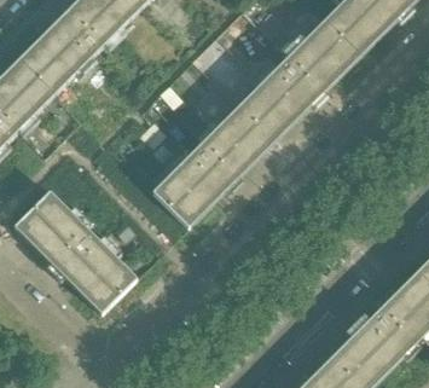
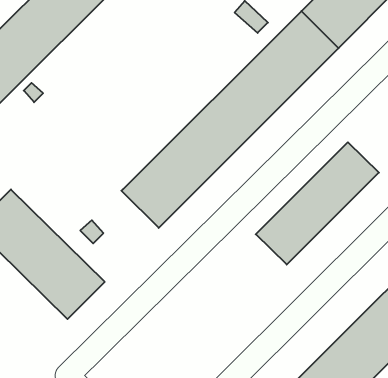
building: none -> [256,142,379,265]

